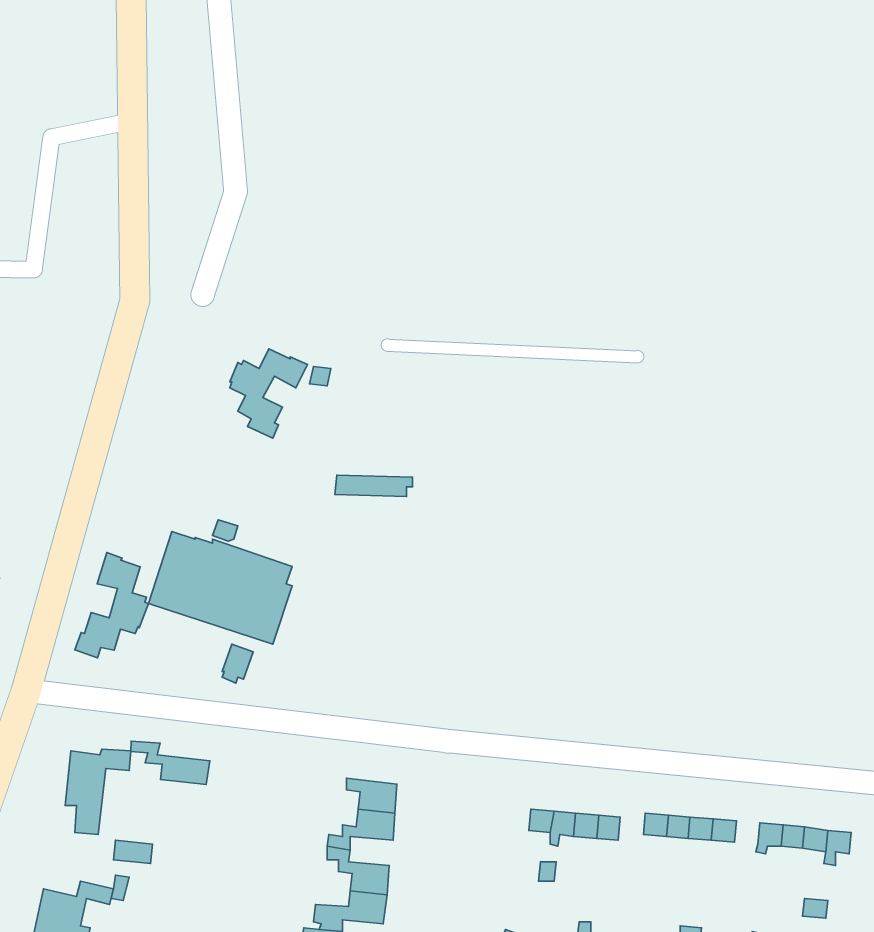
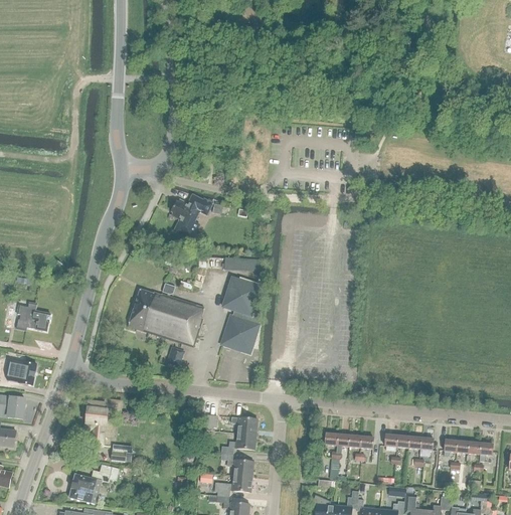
building: none -> [218,276,262,355]
building: [75,552,148,658] -> none
building: [131,741,210,784] -> none

